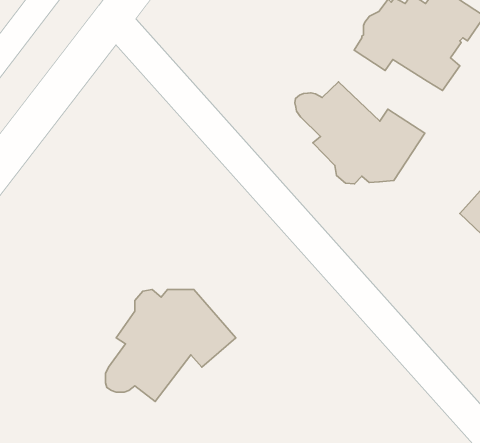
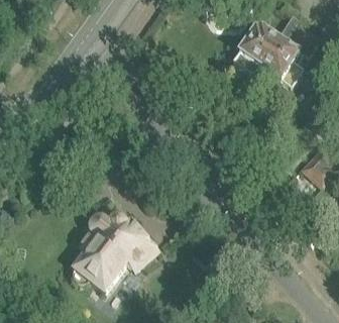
building: [295,82,425,184] -> none

